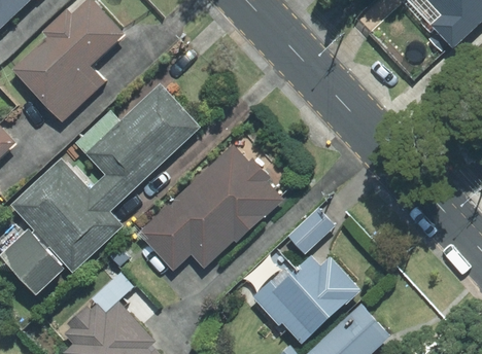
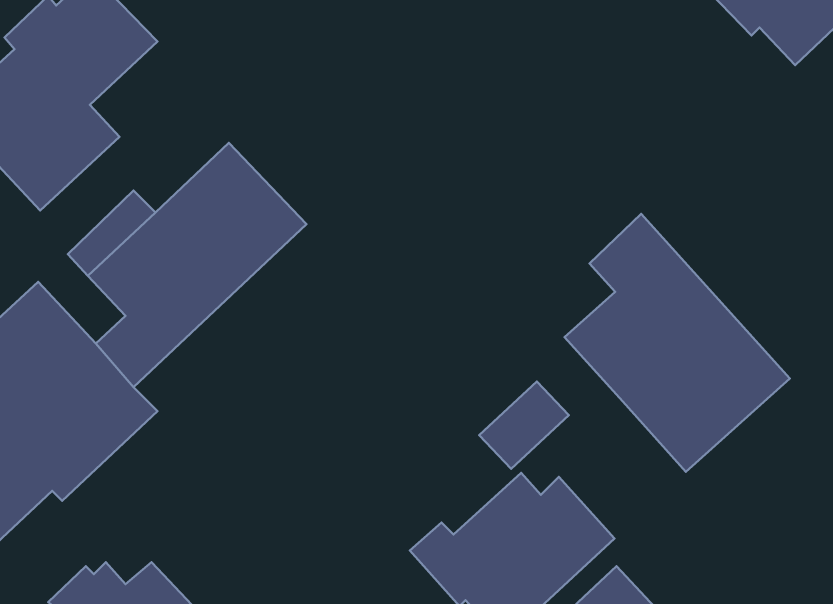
building: none -> [565,214,790,472]
building: [138,145,281,272] -> none

